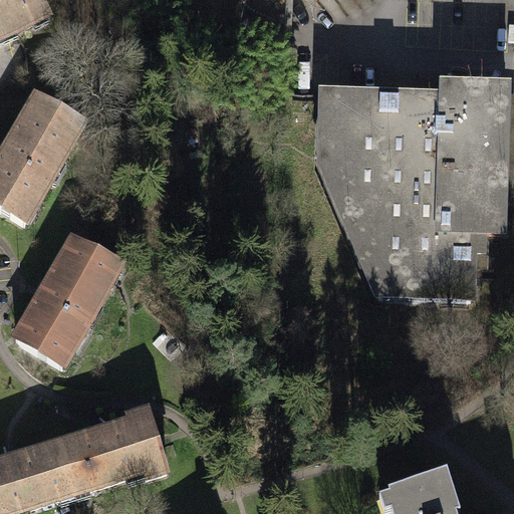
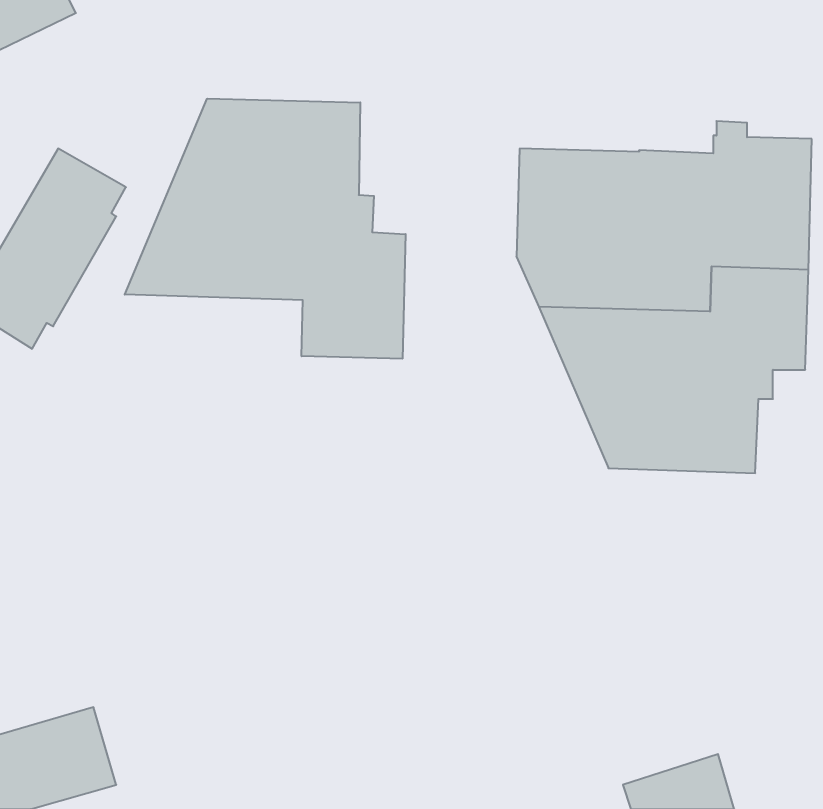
building: none -> [125,99,406,359]
building: [15,235,116,359] -> none
building: [58,408,166,488] -> none

